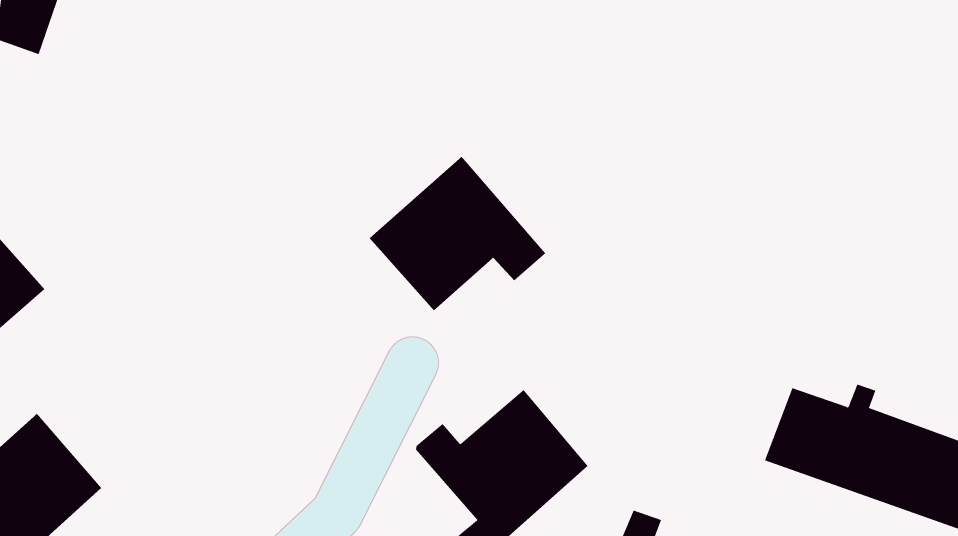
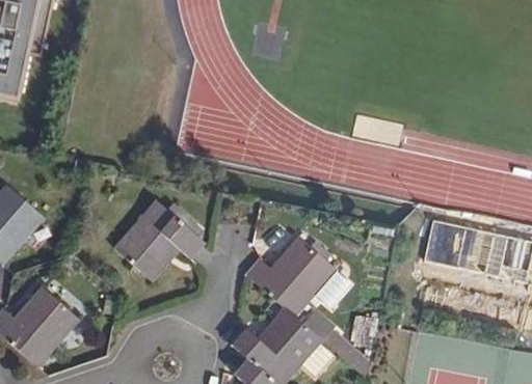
building: [369,156,546,311] -> [111,200,204,282]

